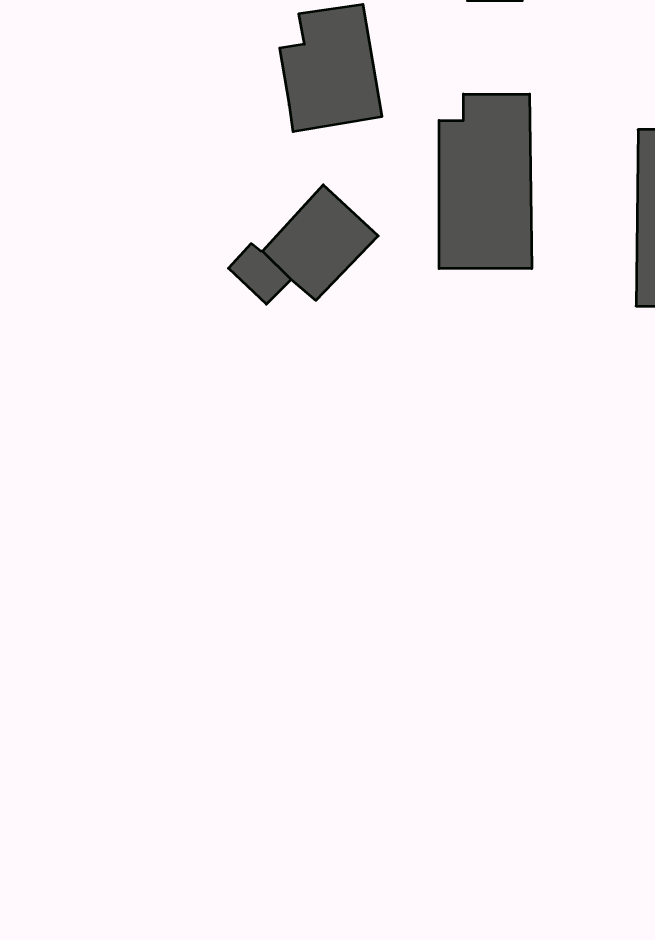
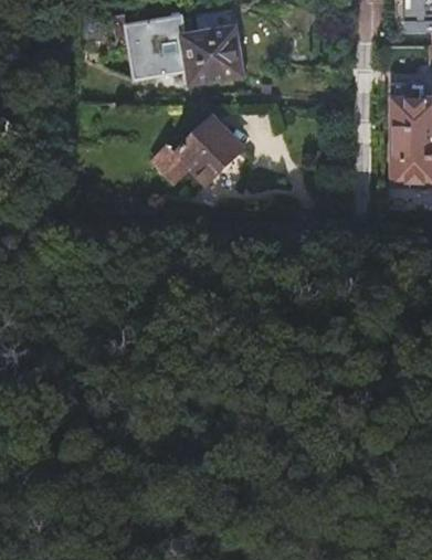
building: none -> [126,17,189,75]
building: [439,94,532,269] -> none

